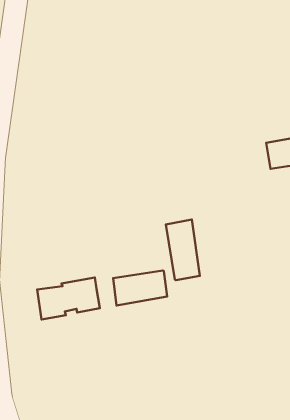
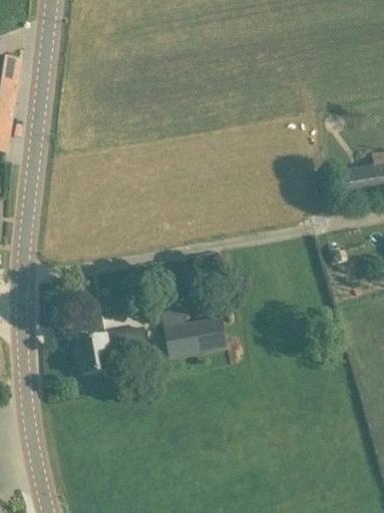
building: [166,219,200,280] -> none

